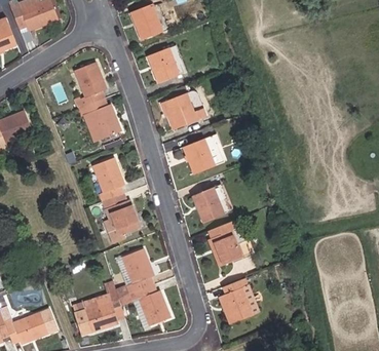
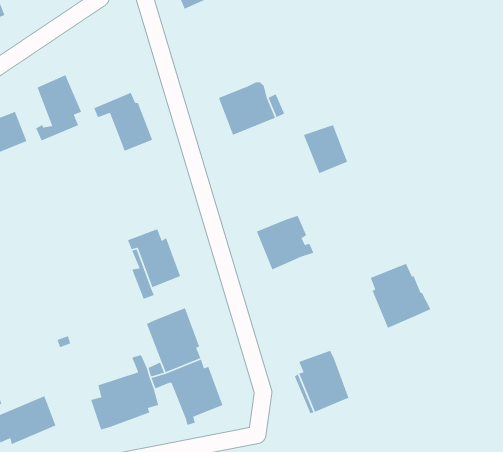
building: [147,47,179,82] -> none
building: [74,62,107,109] -> [35,74,82,142]
building: [183,140,215,174] -> [303,124,348,174]
building: [93,157,124,201] -> none
building: [209,220,252,266] -> [370,263,431,329]

